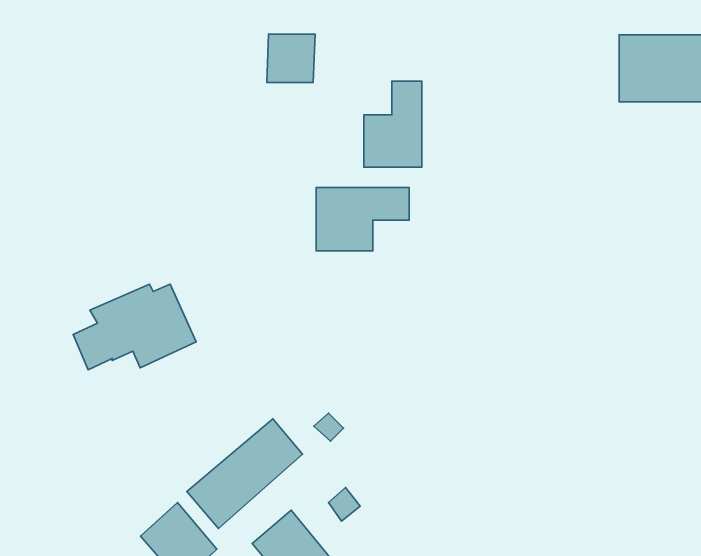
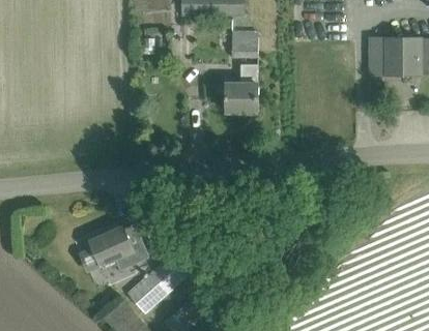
building: [267,34,315,83] -> [231,30,258,57]
building: [316,188,409,251] -> none
building: [73,284,196,370] -> [80,225,148,273]

